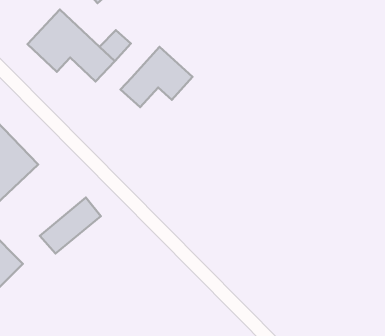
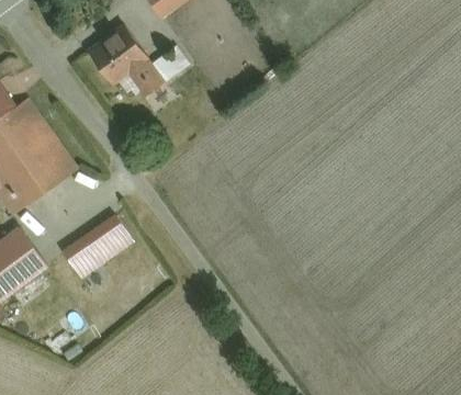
building: [121,47,193,107] -> none

